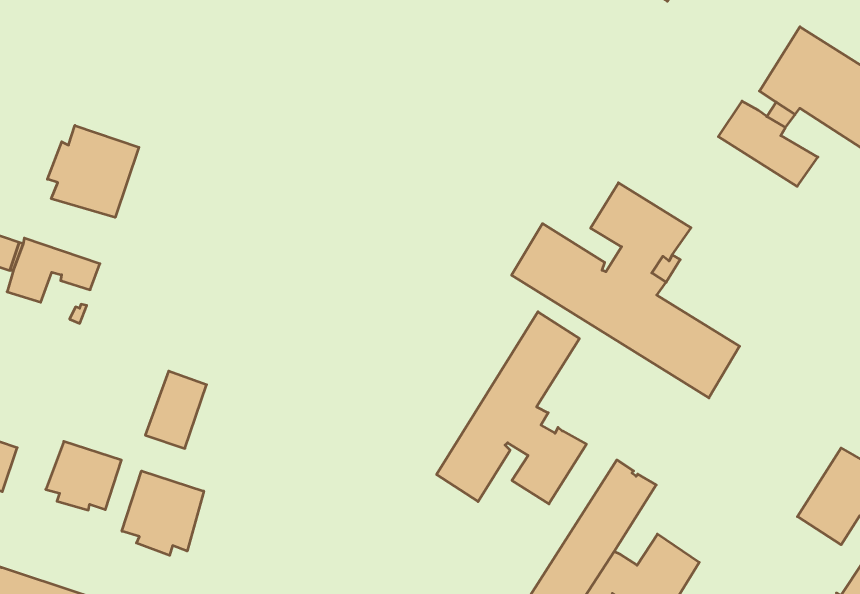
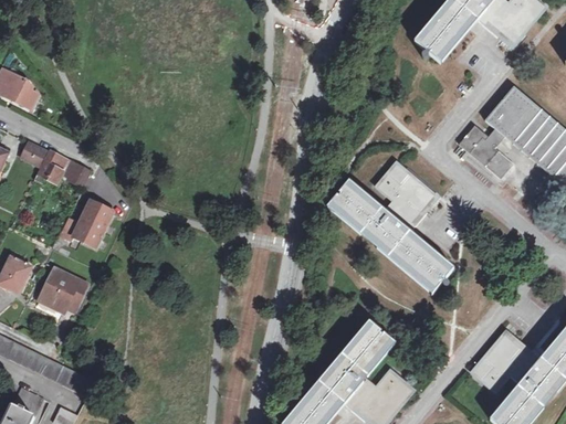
building: [47,125,139,217] -> none
building: [437,312,586,504] -> none
building: [145,371,207,448] -> [72,201,112,247]
building: [122,471,204,555] -> none

